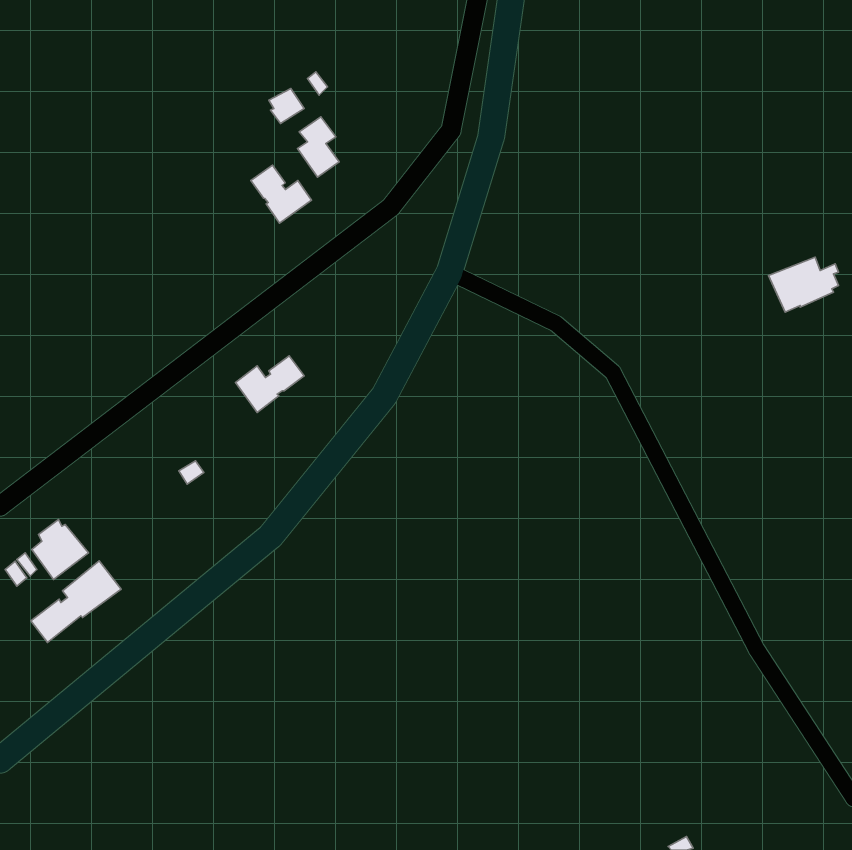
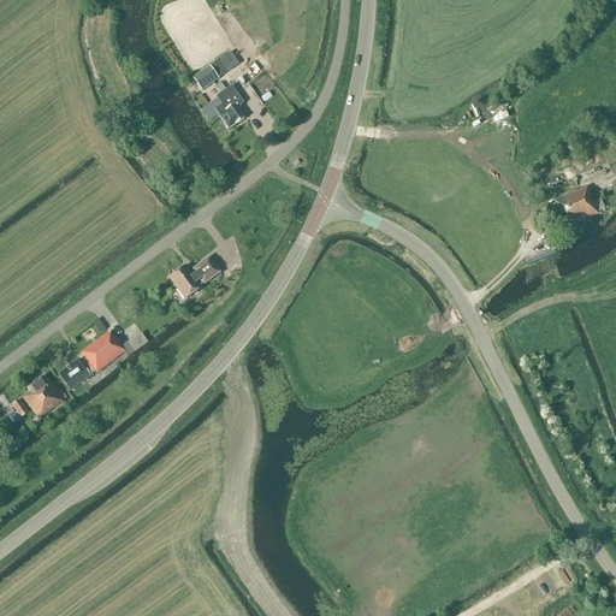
building: [251,165,311,223] -> none
building: [31,561,121,643] -> [60,330,125,389]

